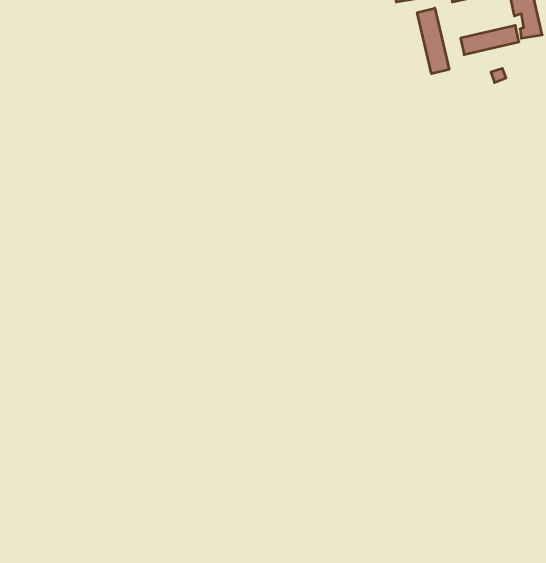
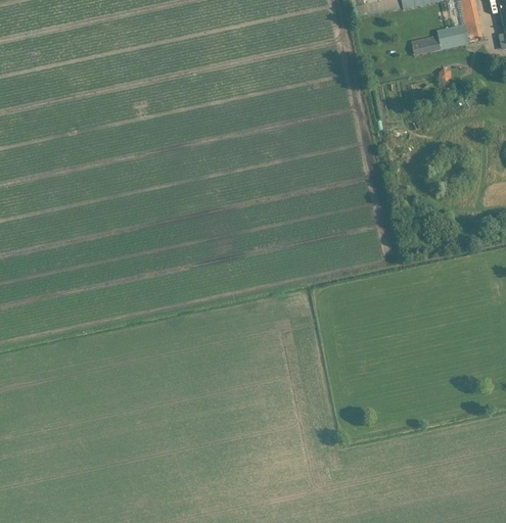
building: [417,8,449,74] -> none

